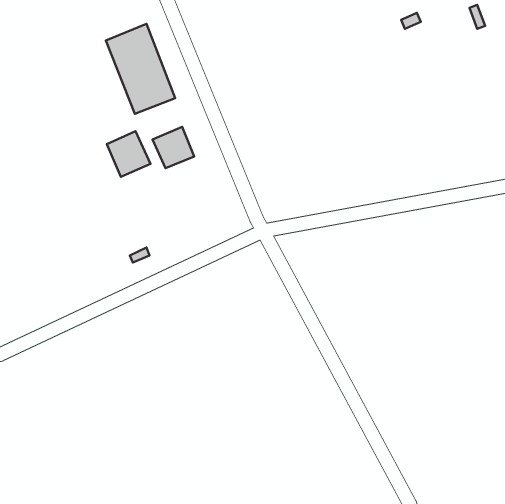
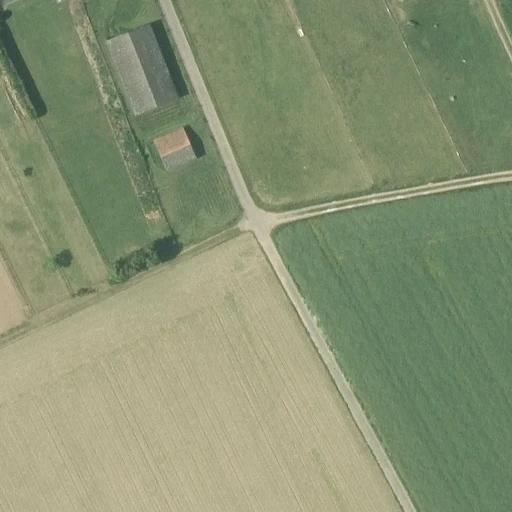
building: [107,131,151,177] -> none

